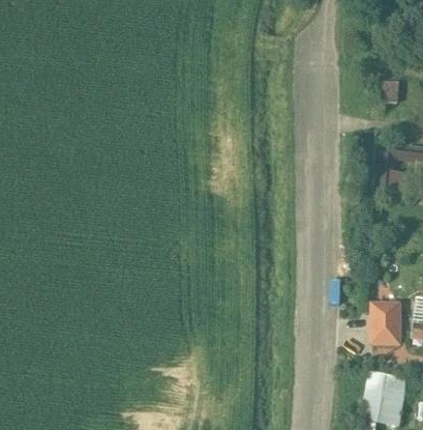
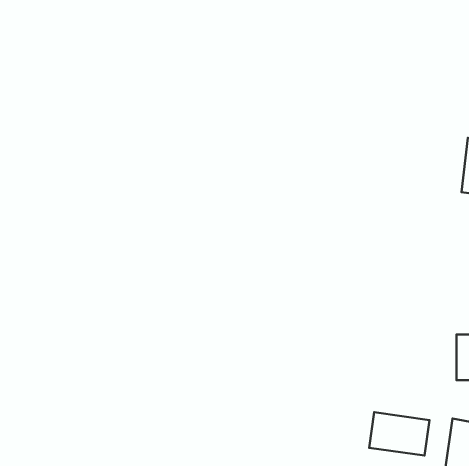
building: none -> [369,412,430,456]

